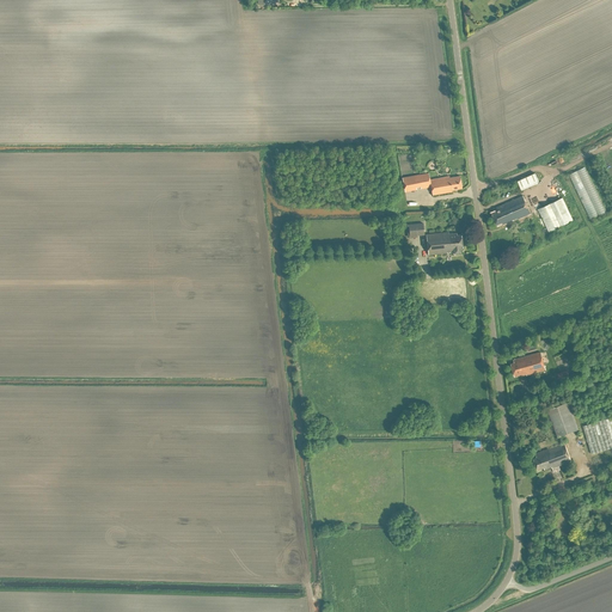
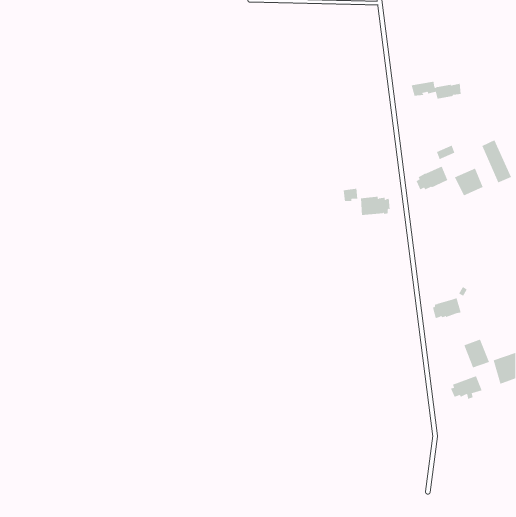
building: [400,173,460,196] -> [411,81,462,100]

